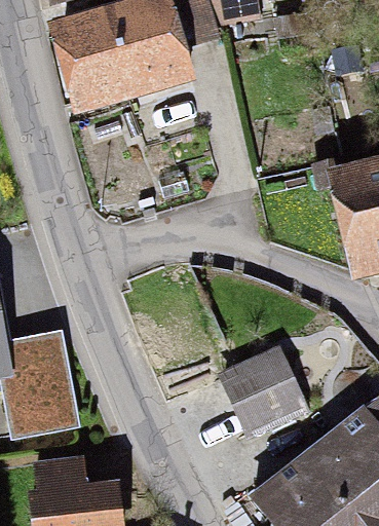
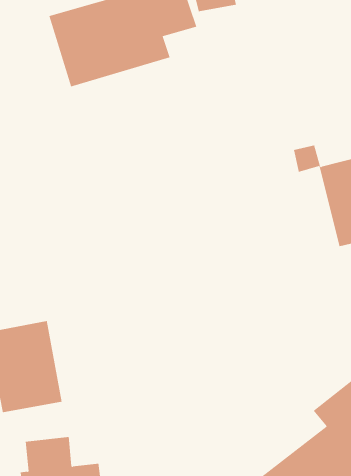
building: [222,351,304,434] -> none

